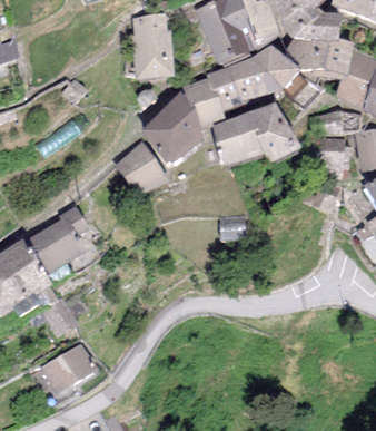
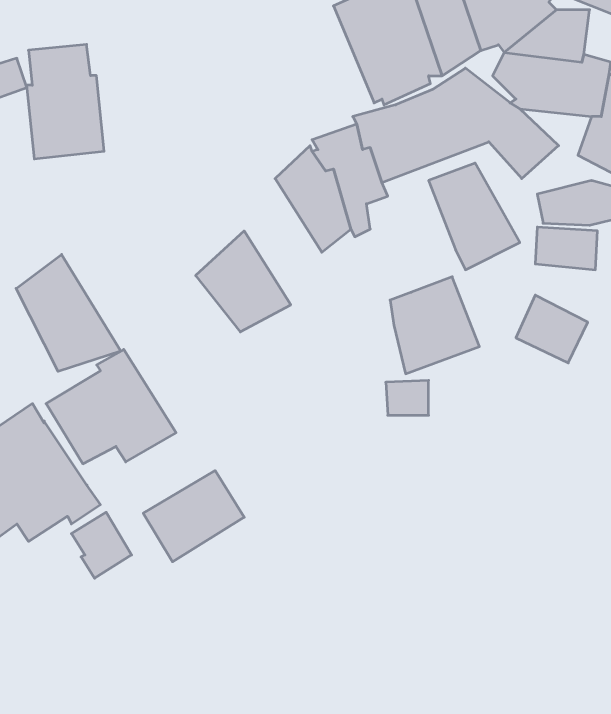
building: [130,13,175,79] -> [26,44,104,159]
building: [140,109,187,166] -> none
building: [212,110,264,166] -> [390,277,479,374]
building: none -> [16,254,121,371]
building: [39,344,97,396] -> [143,471,244,562]

